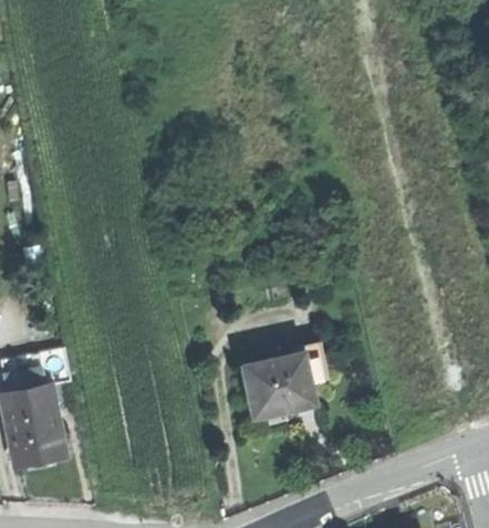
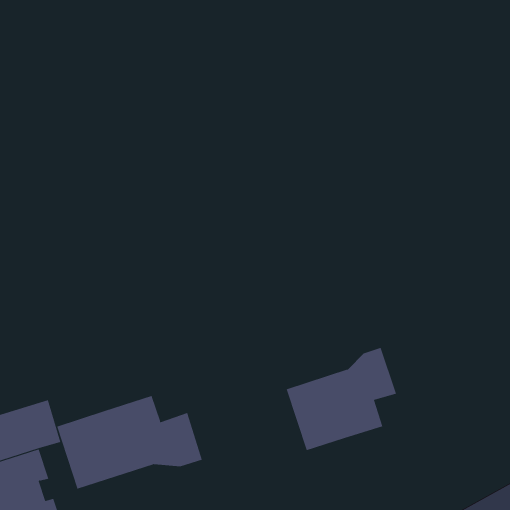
building: none -> [57,395,202,489]

